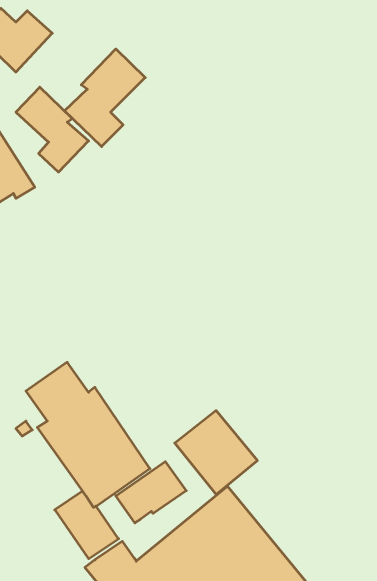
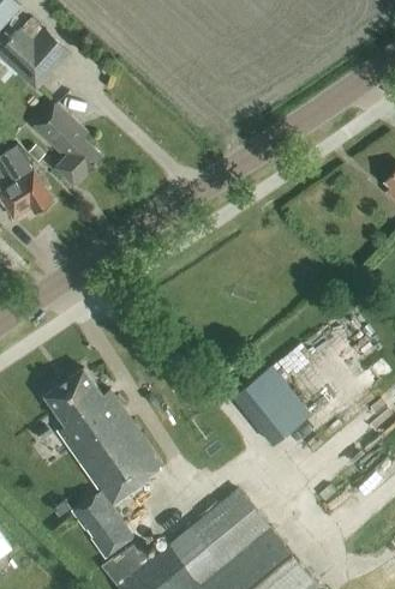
building: [64,49,145,147] -> none
building: [175,411,257,494] -> [232,366,311,446]
building: [116,462,186,523] -> none

